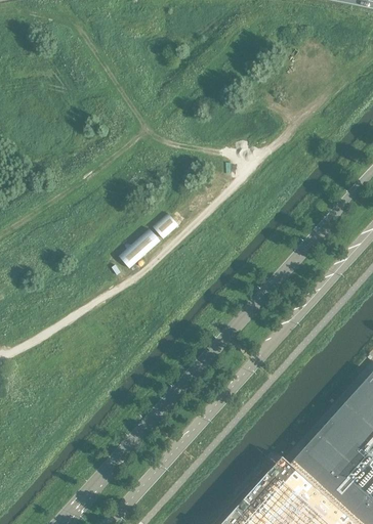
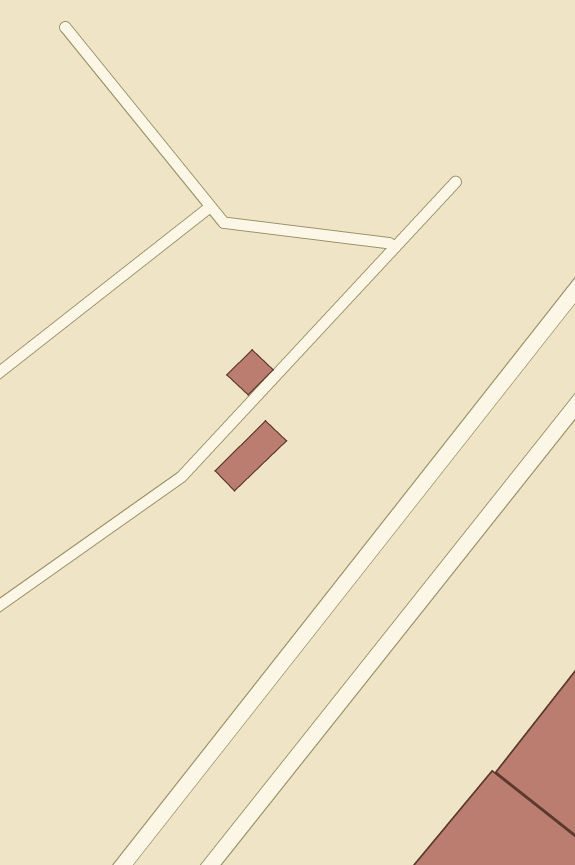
building: [119,228,161,267] -> [215,421,287,491]

